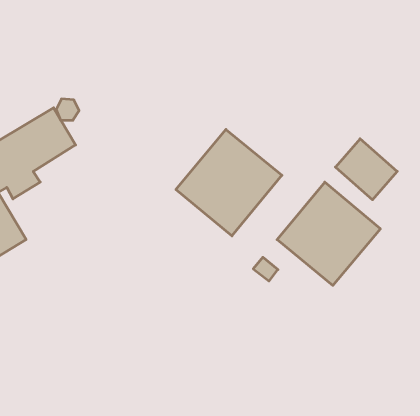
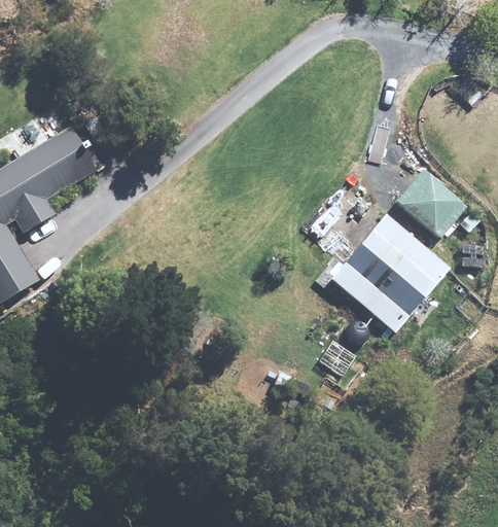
building: [176,129,282,236] -> none

